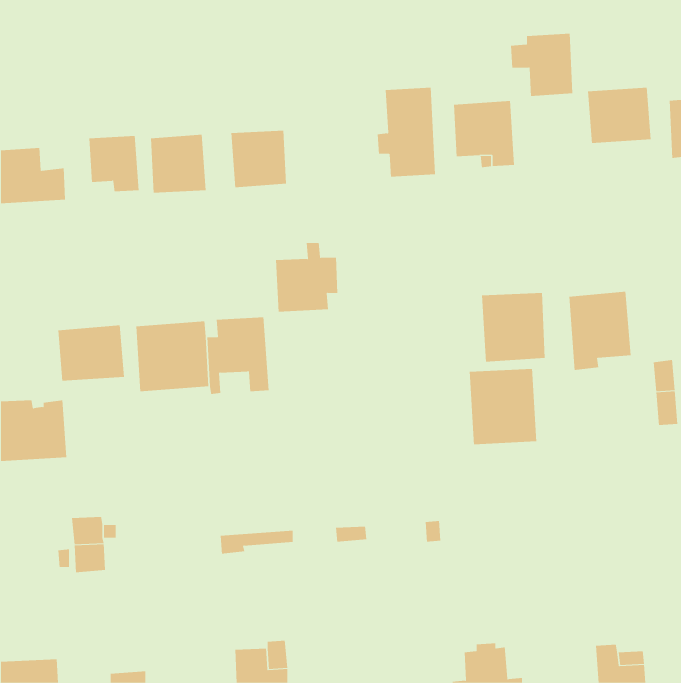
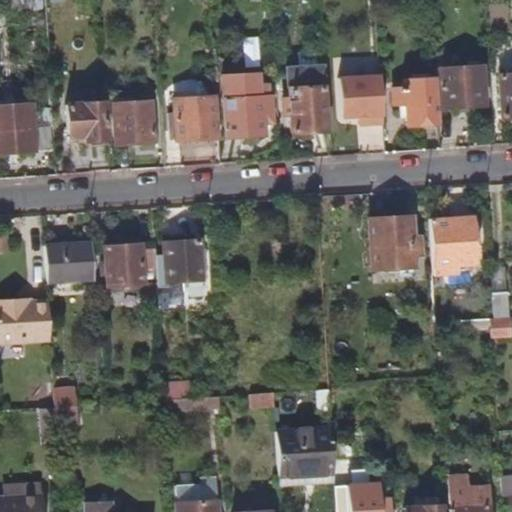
building: [510,33,573,96] -> [394,77,441,124]
building: [275,242,338,312] -> [226,84,273,136]
building: [469,368,537,445] -> none
building: none -> [279,427,338,485]

